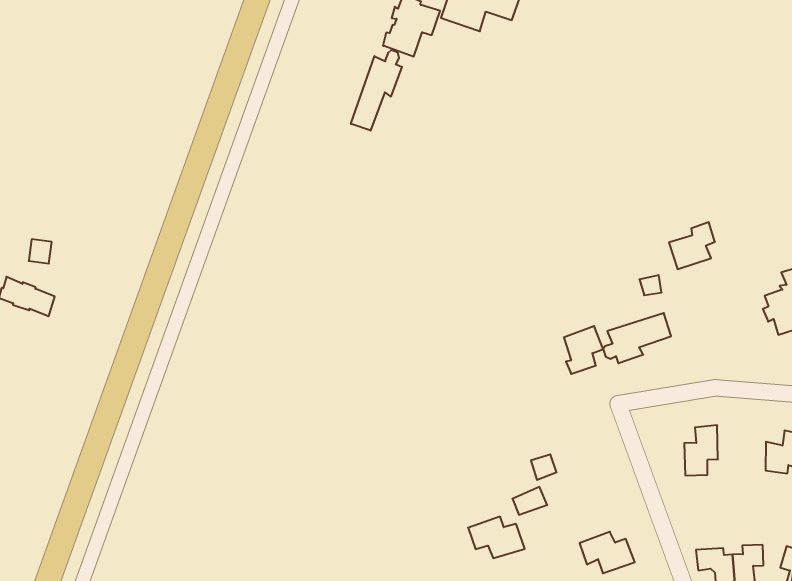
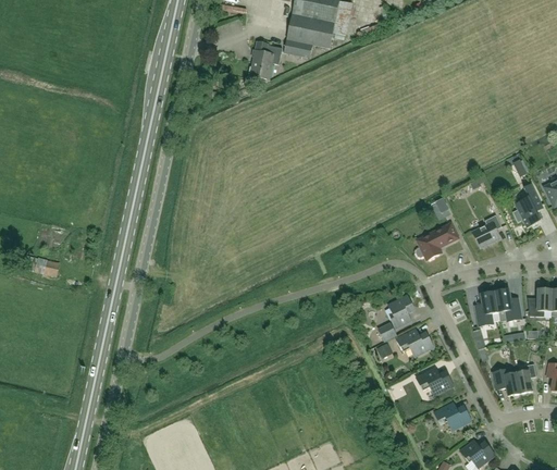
building: [351,50,402,131] -> none
building: [669,222,715,269] -> [472,214,502,247]
building: [564,326,603,374] -> [388,295,414,327]
building: none -> [495,288,522,322]
building: [468,517,525,558] -> [396,329,434,356]

